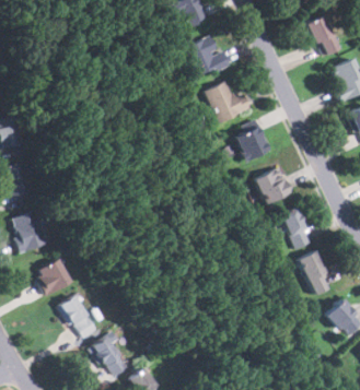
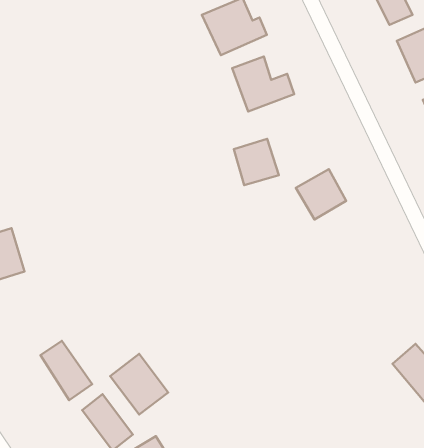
building: [235,126,269,161] -> [234,139,279,185]
building: [281,206,311,249] -> none
building: [298,251,332,295] -> none
building: [34,259,72,297] -> none
building: none -> [110,354,168,415]

